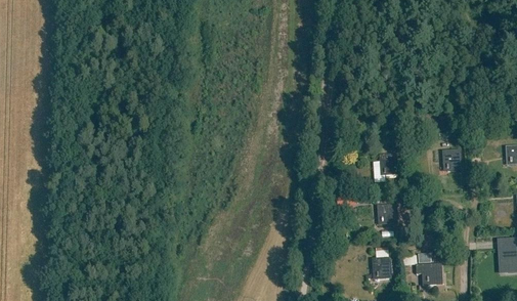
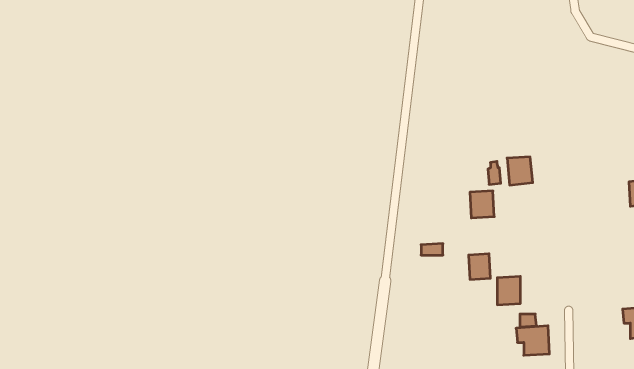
building: [441,149,462,172] -> [507,157,533,185]
building: [373,257,391,280] -> [497,276,520,305]

